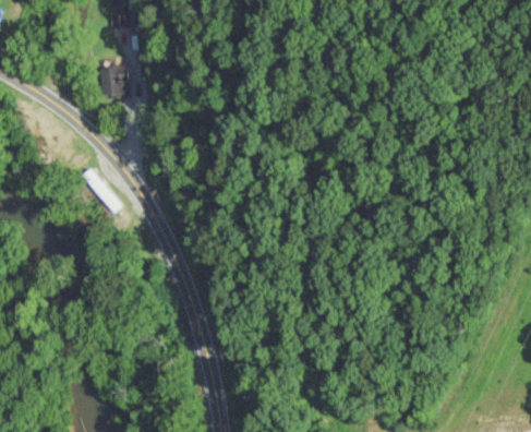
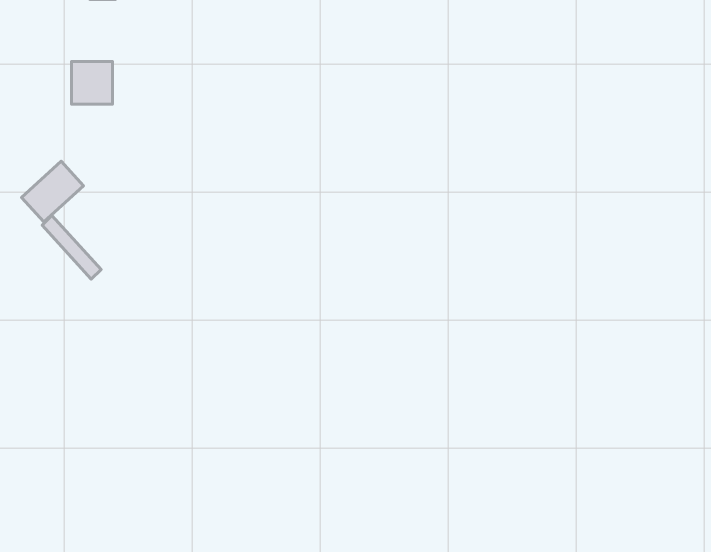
building: none -> [22,161,84,222]

